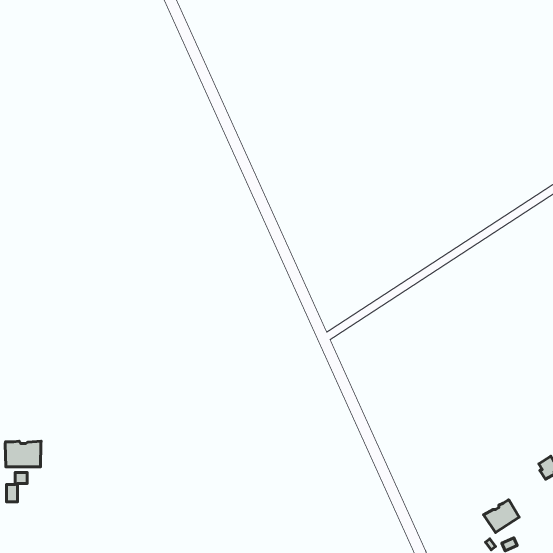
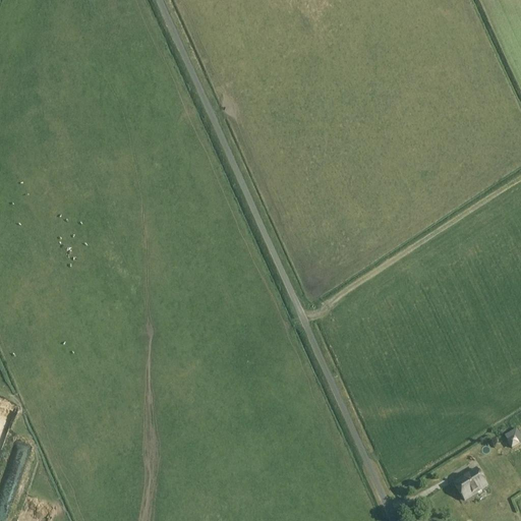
building: [5,441,41,467] -> none

